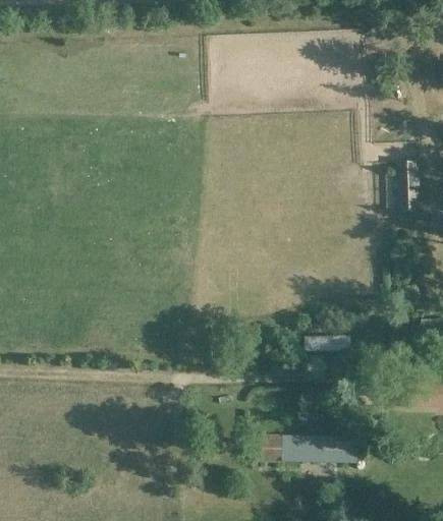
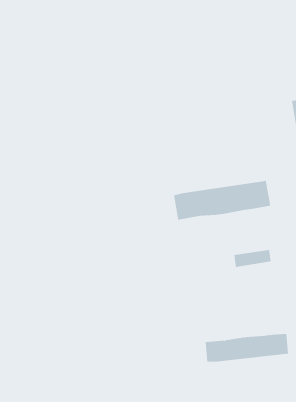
building: none -> [173,180,271,221]

